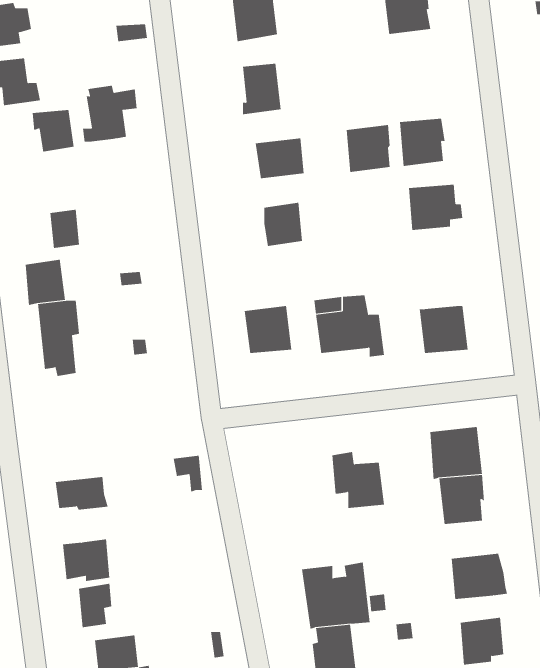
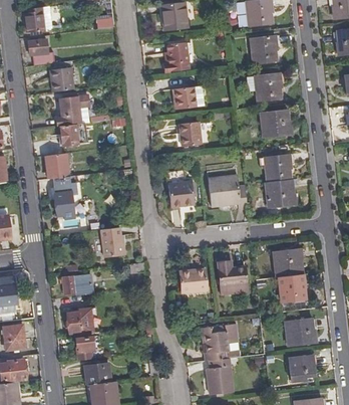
building: [82,85,137,142] -> [55,93,86,126]
building: [346,125,391,173] -> [252,35,277,62]
building: none -> [267,153,291,180]
building: none -> [98,227,122,256]
building: none -> [181,269,207,292]

